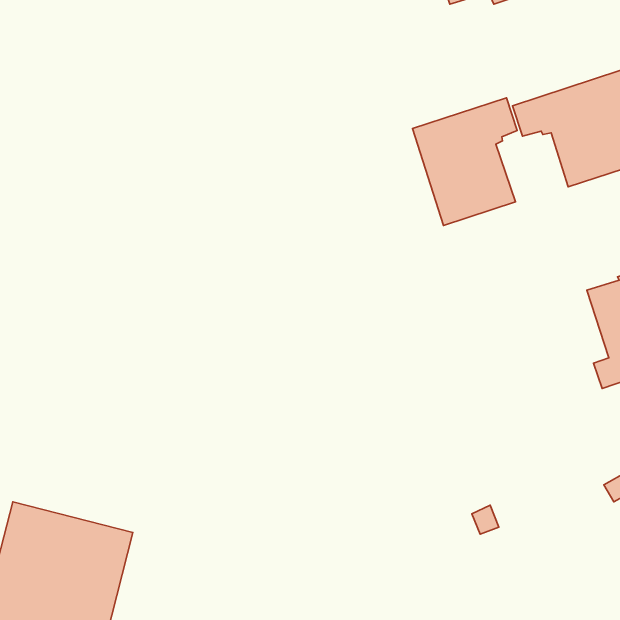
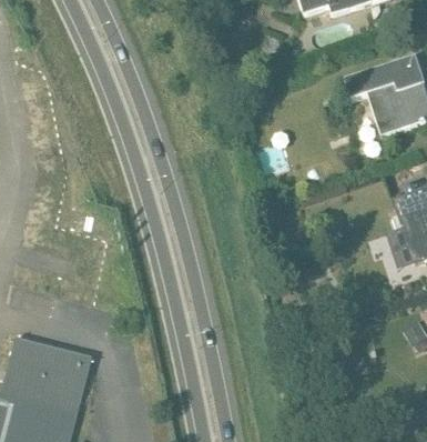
building: [413,98,517,226] -> none

